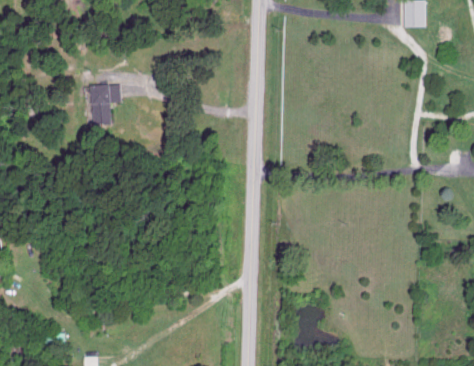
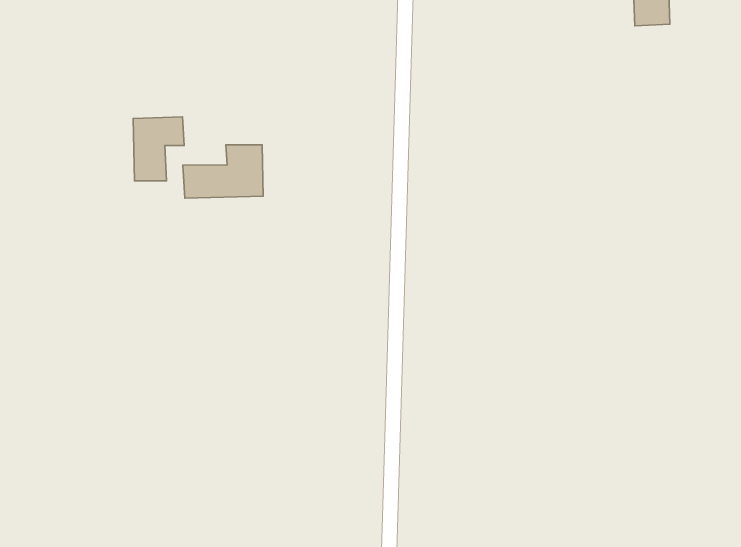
building: none -> [183,145,263,198]

